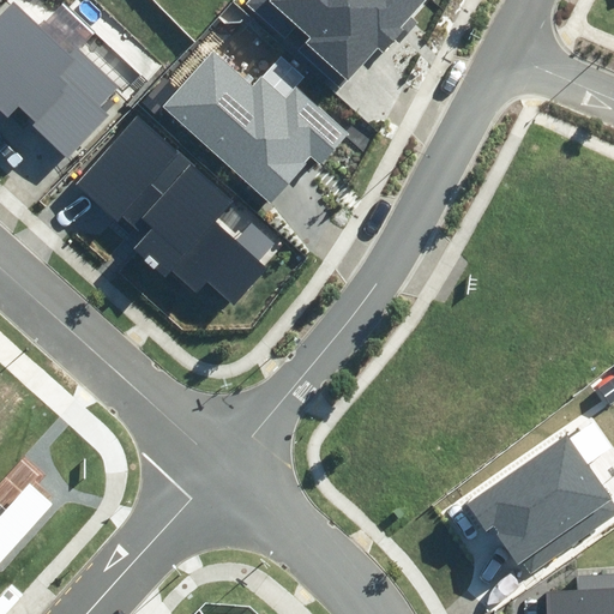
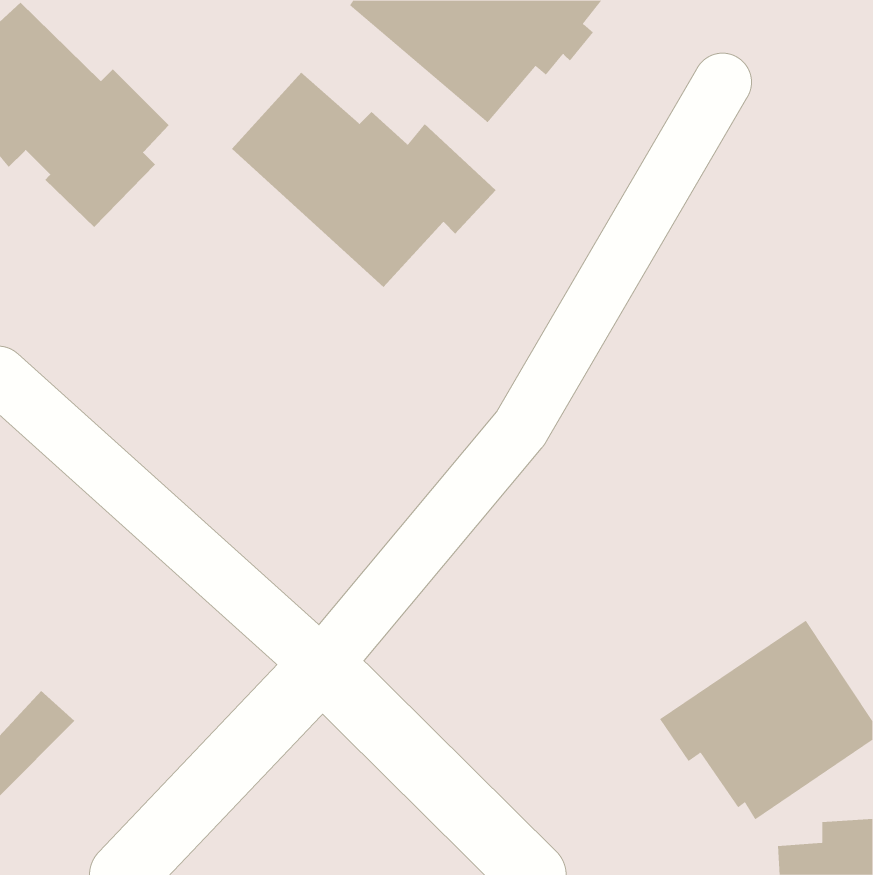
building: [74,114,266,305] -> none

